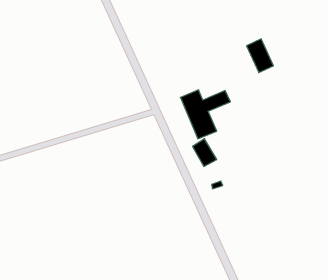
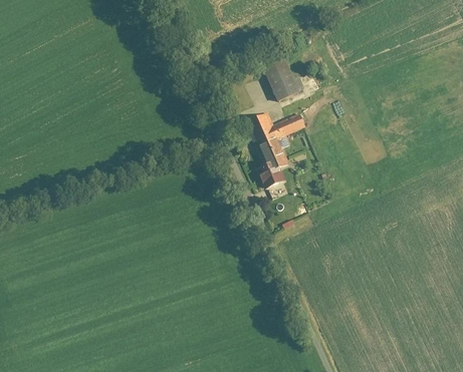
building: [247,39,273,73] -> [268,62,299,101]

